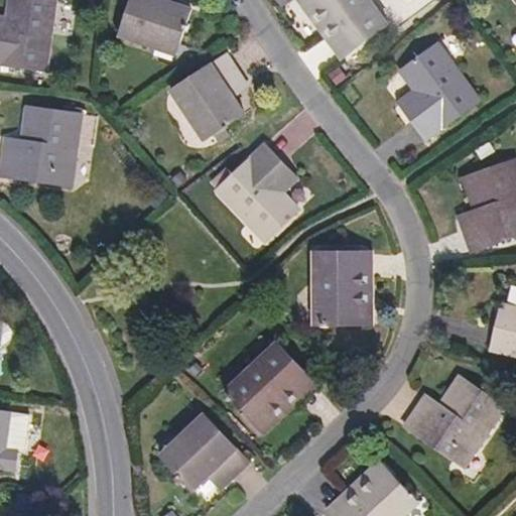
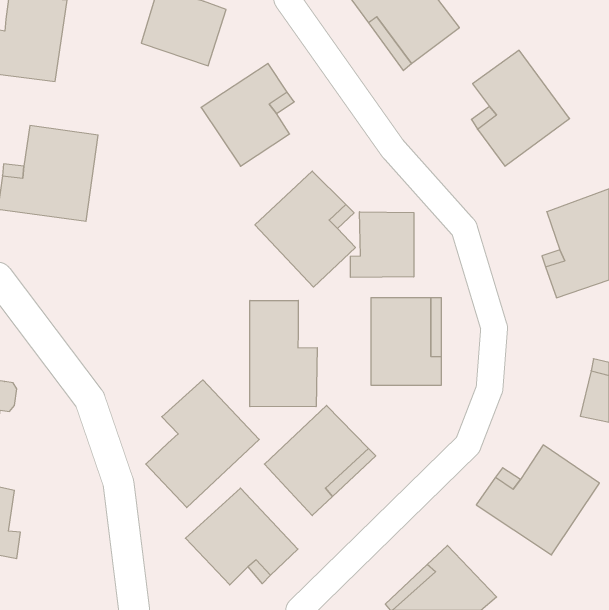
building: none -> [350,212,414,277]
building: none -> [250,300,317,407]
building: none -> [146,380,259,508]

